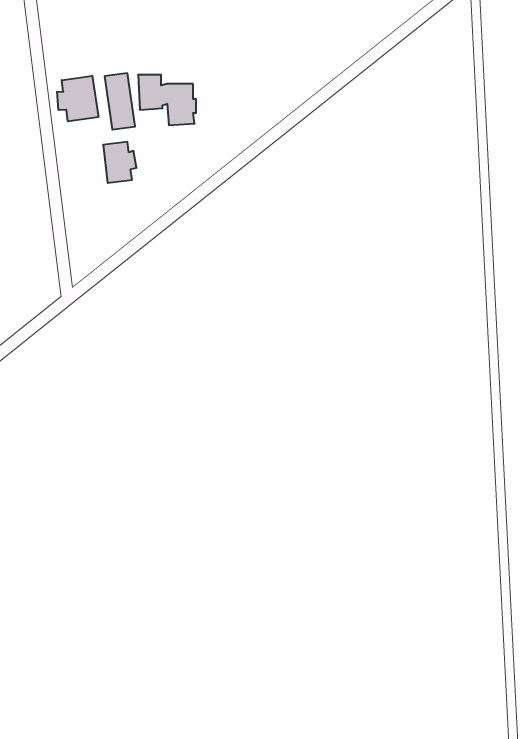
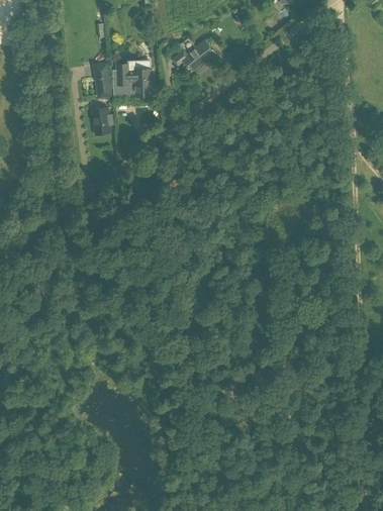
building: none -> [171,40,215,71]
building: [57,76,98,121] -> none

